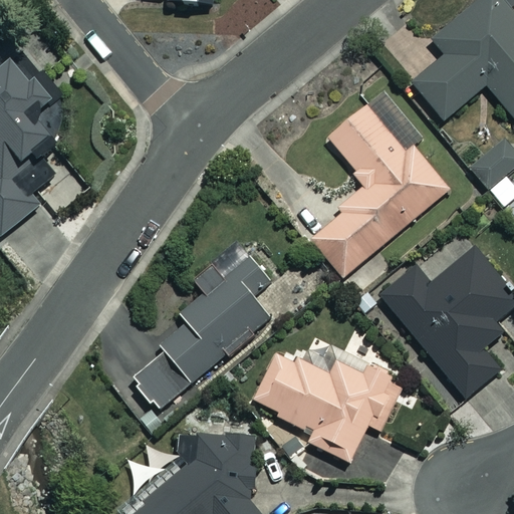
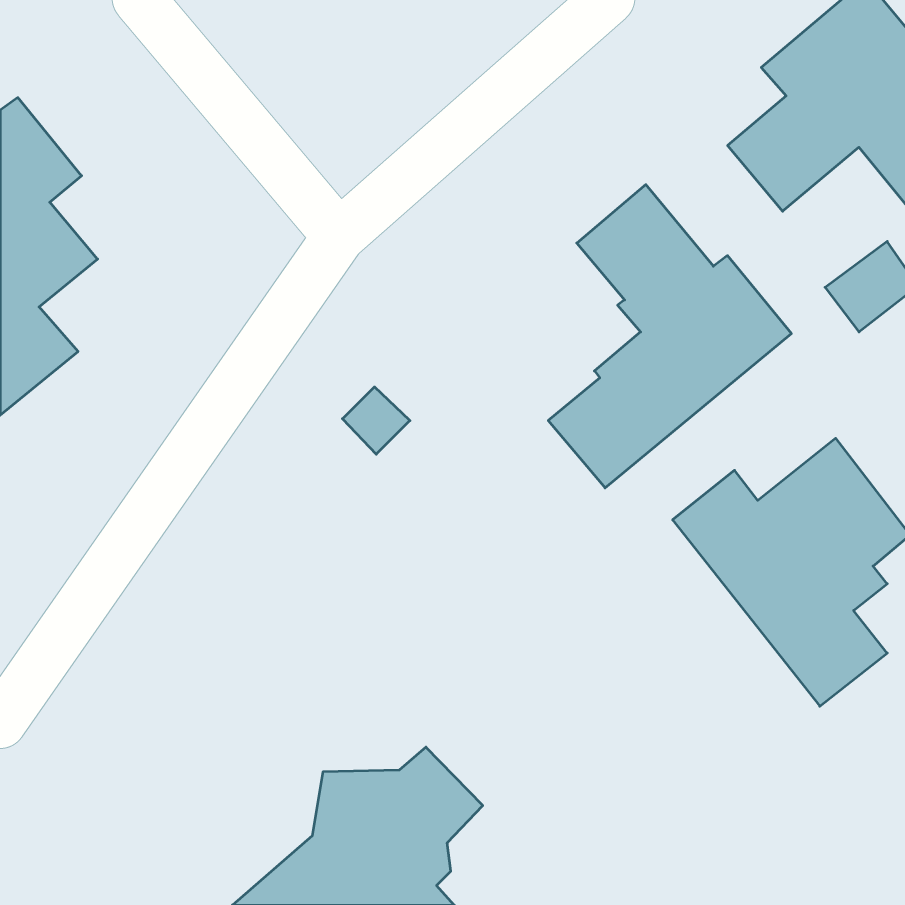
building: [133,243,270,408] -> none
building: [253,354,402,461] -> none

